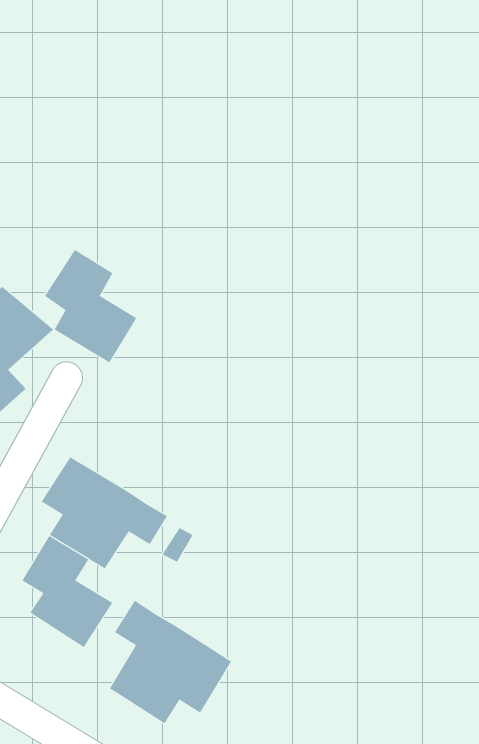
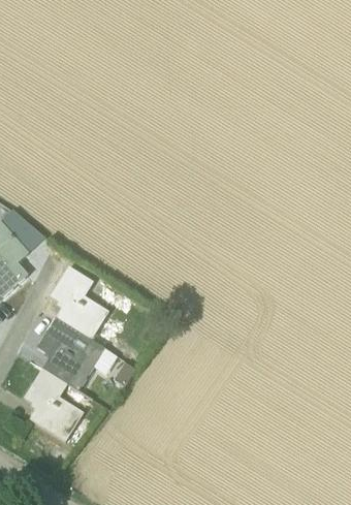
building: [44,249,137,363] -> [49,266,108,340]
building: [109,600,232,724] -> none

